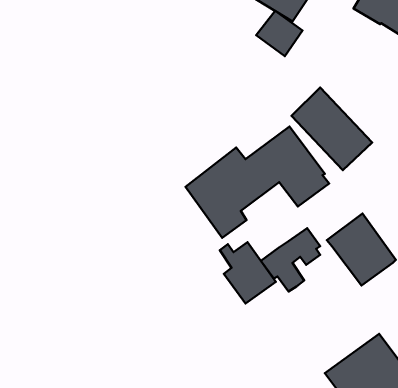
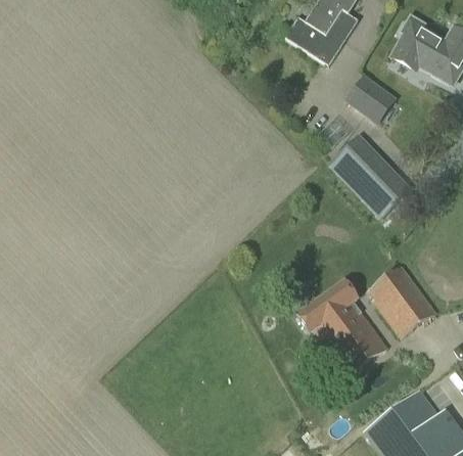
building: [256,11,303,56] -> [344,74,392,121]
building: [185,127,329,238] -> none
building: [220,242,276,303] -> [329,307,387,370]

